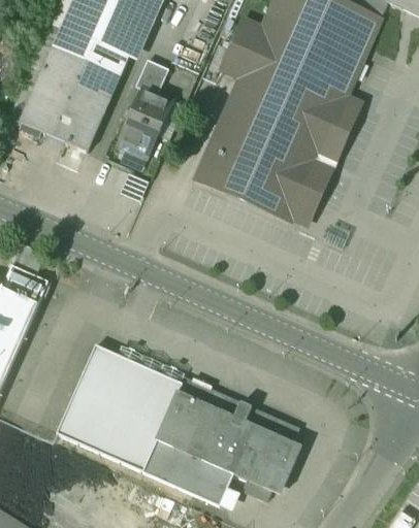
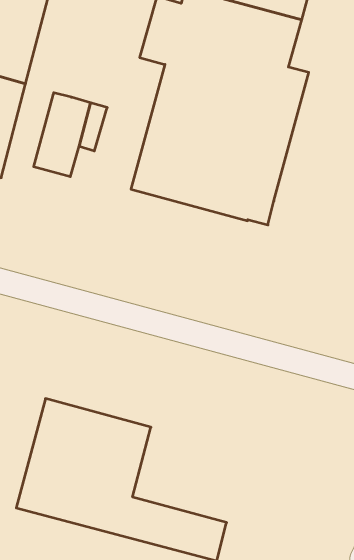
building: [135,59,168,92] -> none
building: [156,375,298,499] -> none

